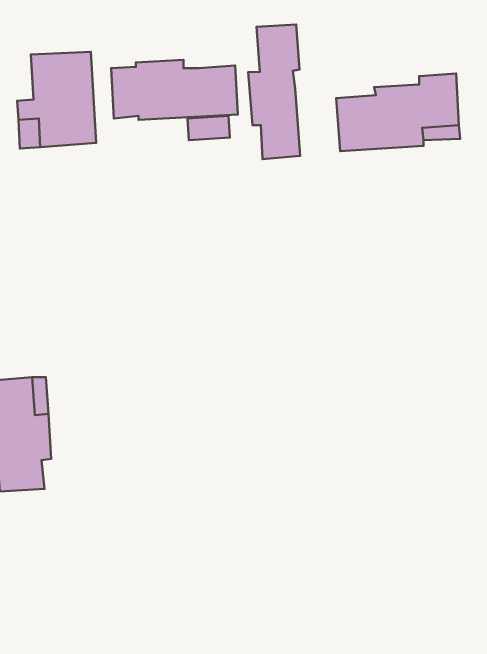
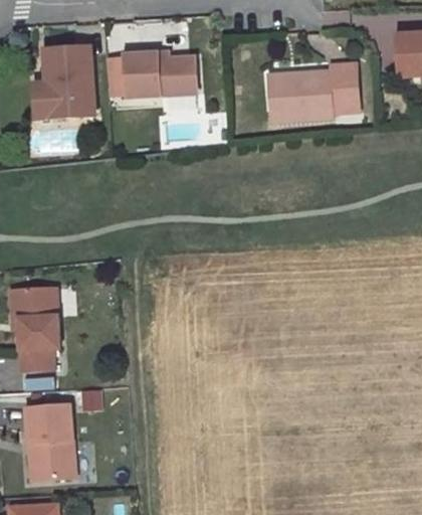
building: [248,25,300,159] -> none
building: none -> [26,403,72,479]

